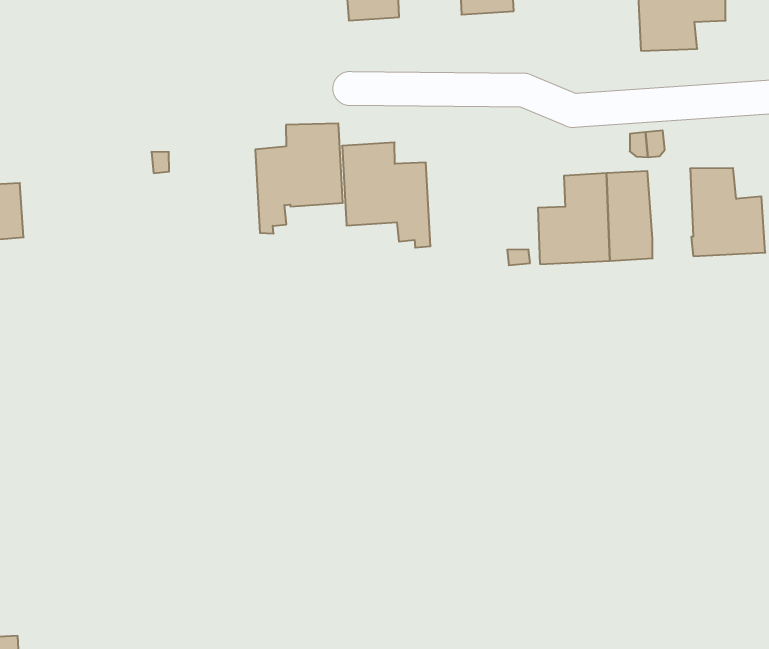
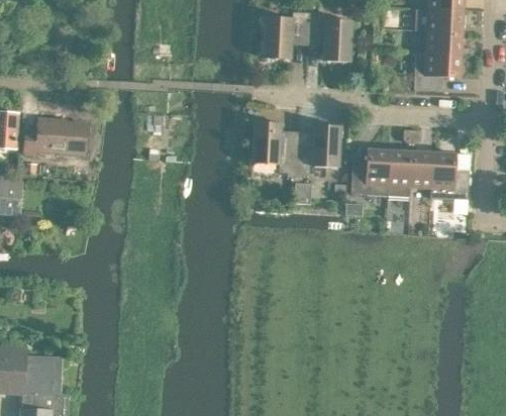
building: [255,123,343,234] -> [294,123,340,179]
building: none -> [409,150,432,187]

